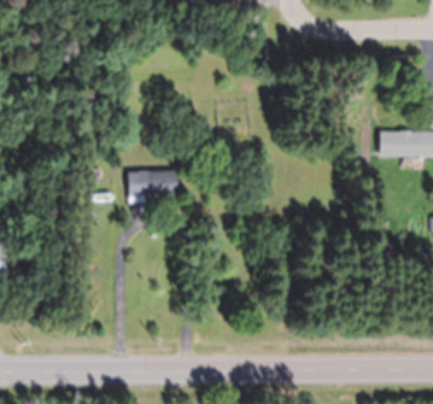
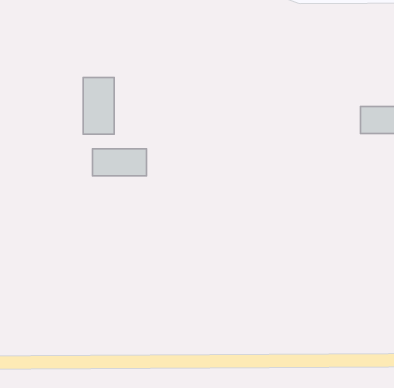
building: none -> [83,77,114,134]

